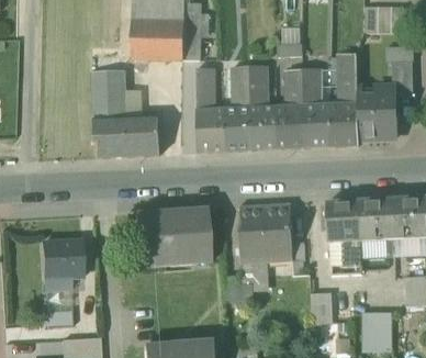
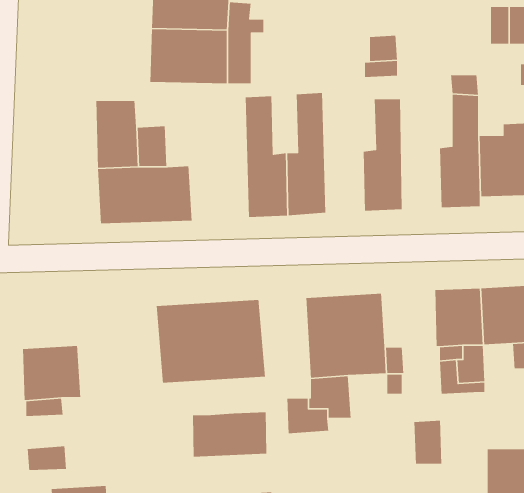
building: [249,65,278,148] -> none
building: [303,67,330,146] -> none
building: none -> [192,412,267,457]

